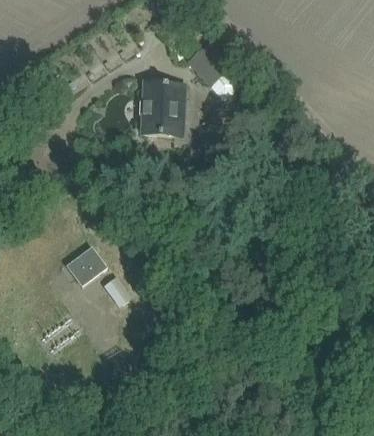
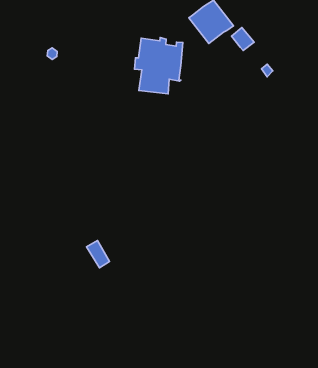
building: [66,247,107,287] -> none

